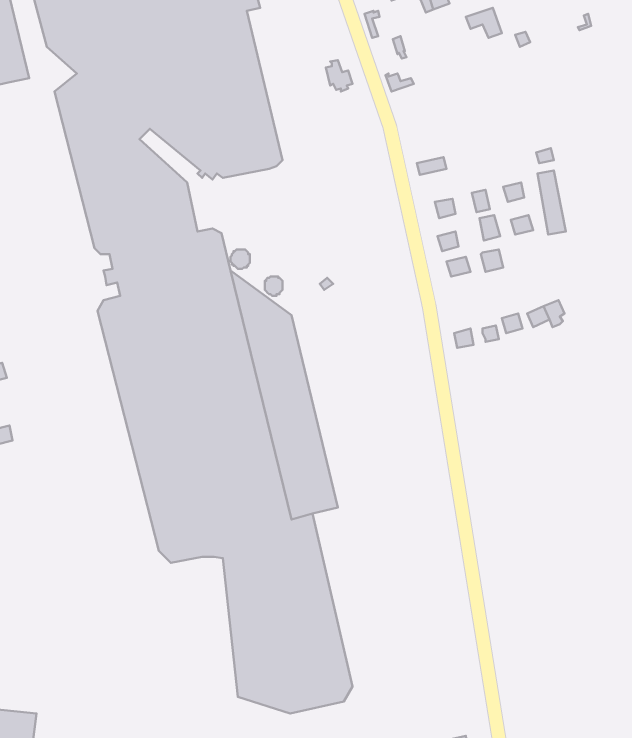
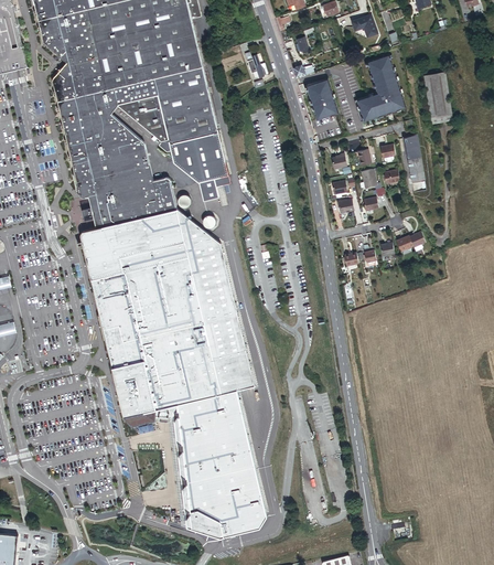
building: none -> [354,53,406,121]
building: none -> [423,73,450,125]
building: none -> [307,78,339,119]
building: none -> [160,128,228,201]

